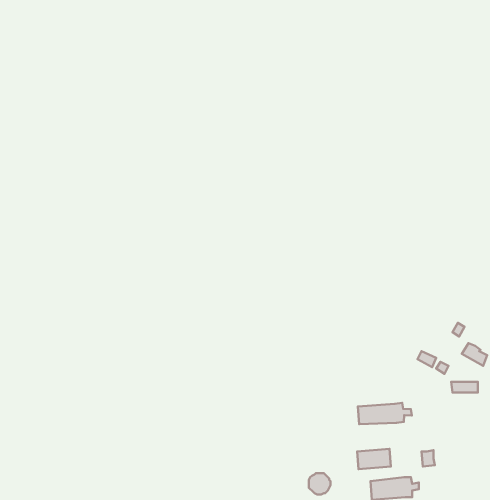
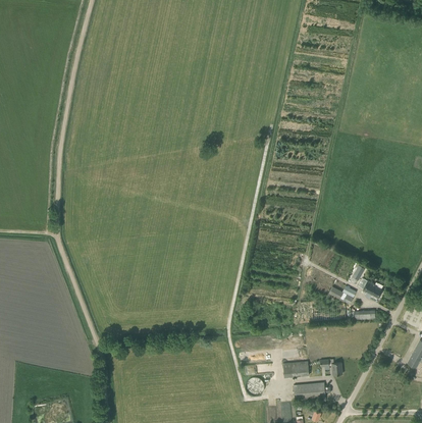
building: [358,403,412,424] -> none

